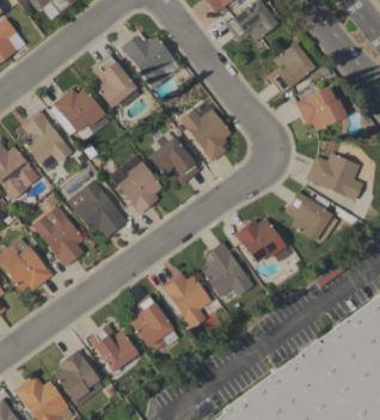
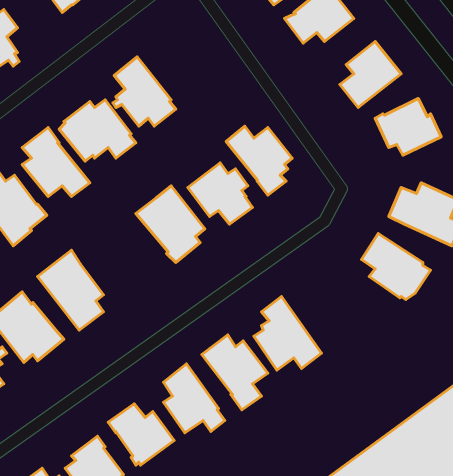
building: [121,35,180,89] -> none
building: [73,179,127,238] -> none
building: [234,218,289,263] -> none

